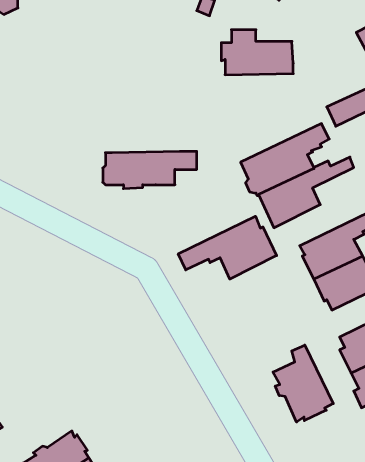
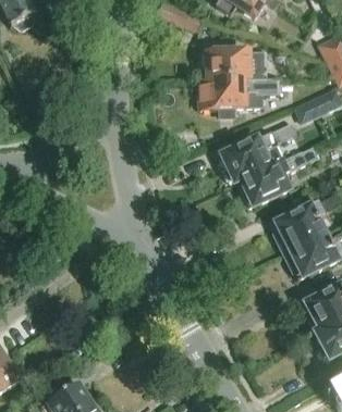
building: [103,151,197,189] -> [201,77,281,109]
building: [178,216,277,279] -> none
building: [273,345,333,422] -> none

